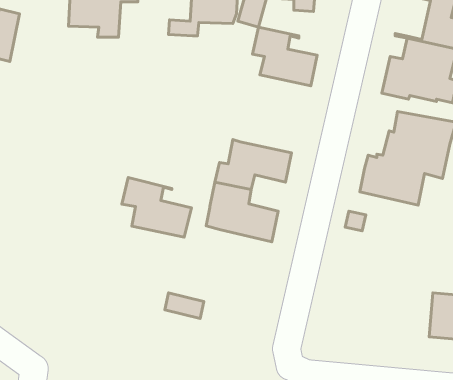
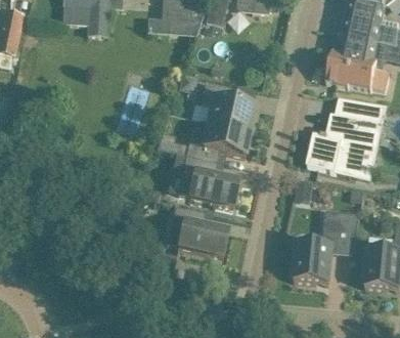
building: [252,27,317,86] -> [201,82,255,131]
building: [122,177,191,237] -> [170,205,228,255]
building: none -> [294,210,360,283]

